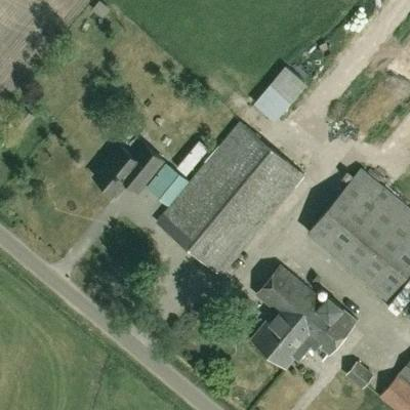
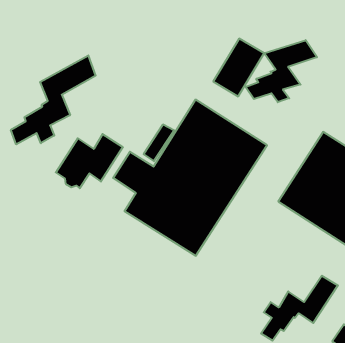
building: none -> [11,55,96,144]
building: none -> [246,40,317,102]
building: [251,265,341,361] -> none

